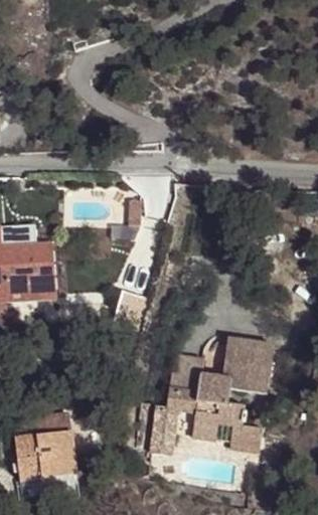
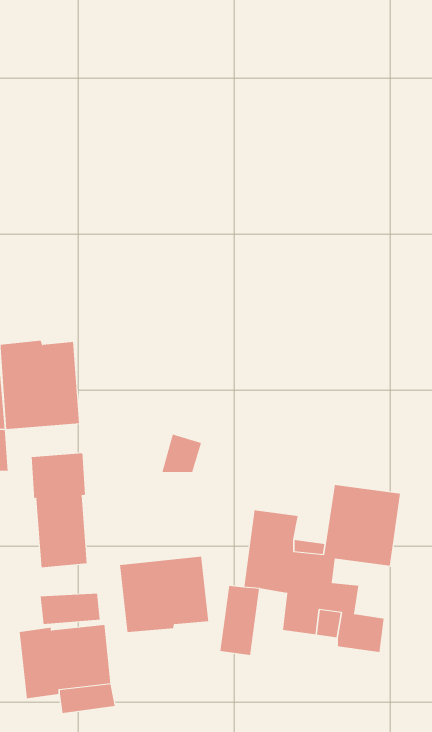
building: none -> [31,452,87,568]
building: none -> [120,556,209,633]

